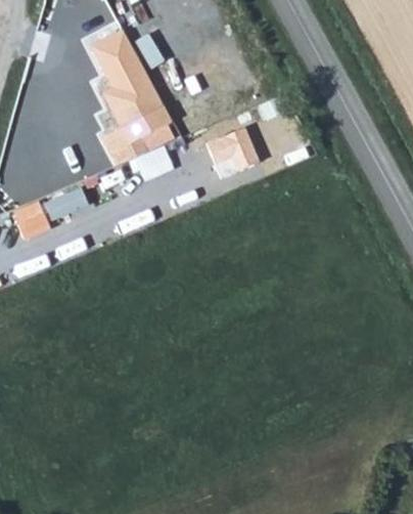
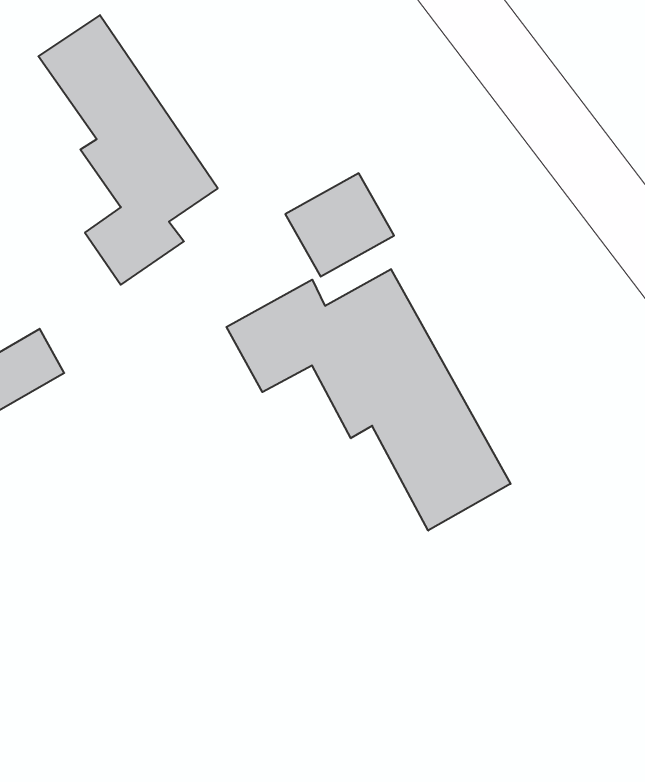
building: none -> [226,269,511,531]

